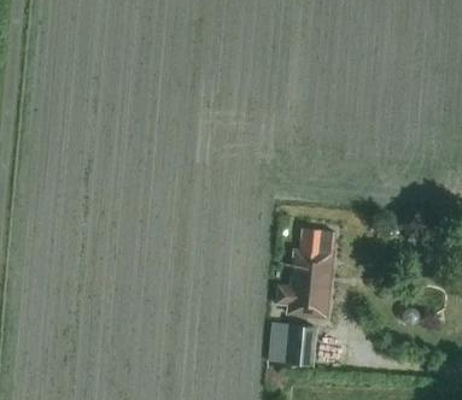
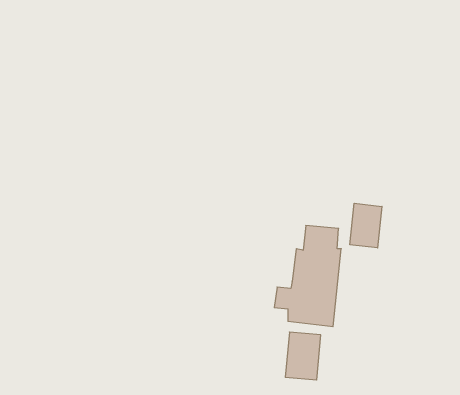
building: none -> [350,203,382,248]

